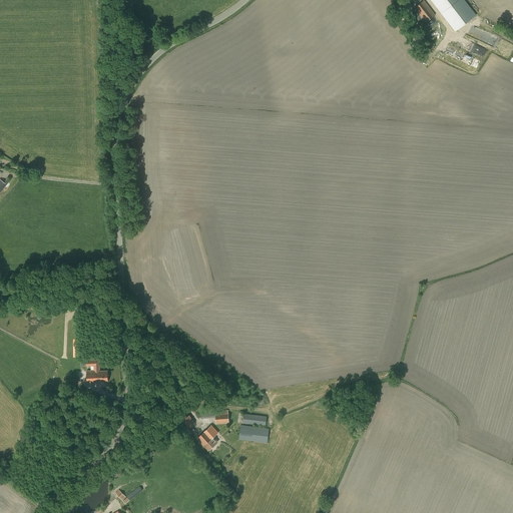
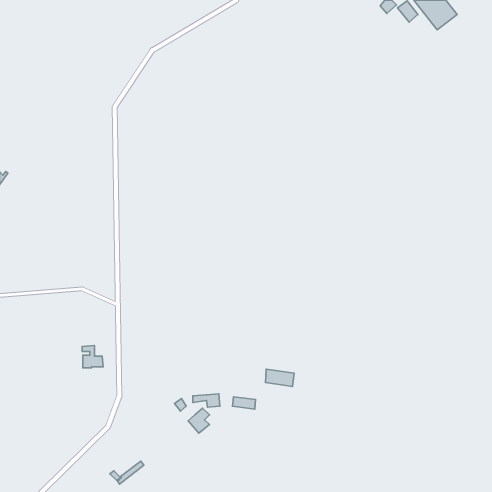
building: [238,425,269,443] -> [265,369,294,387]

